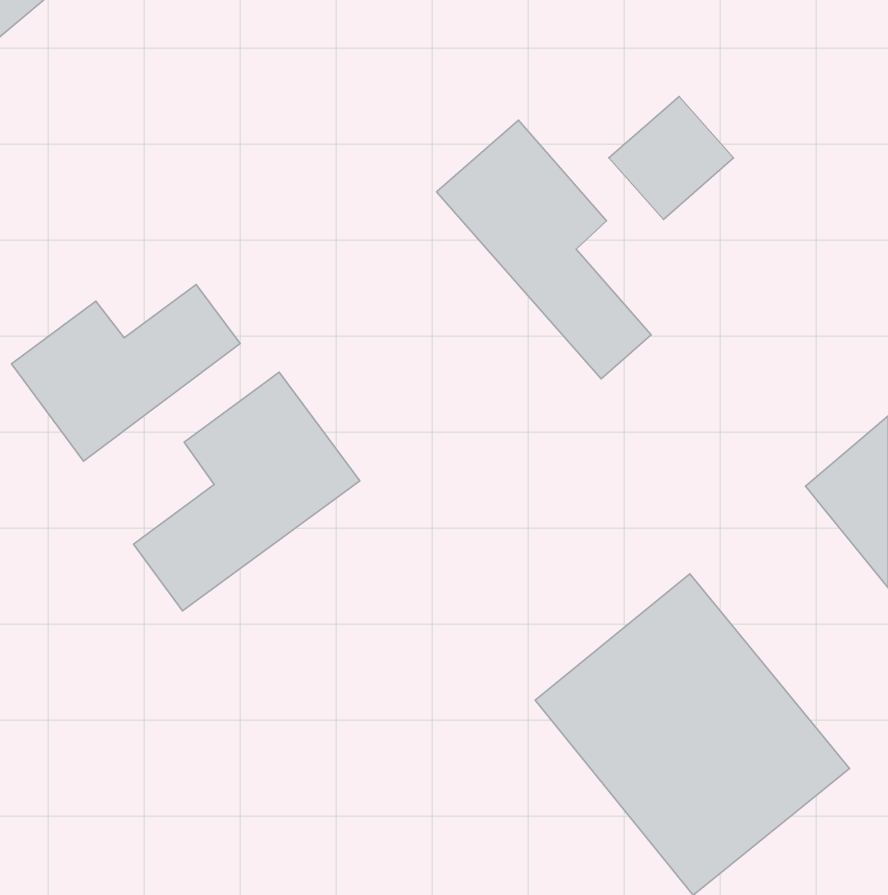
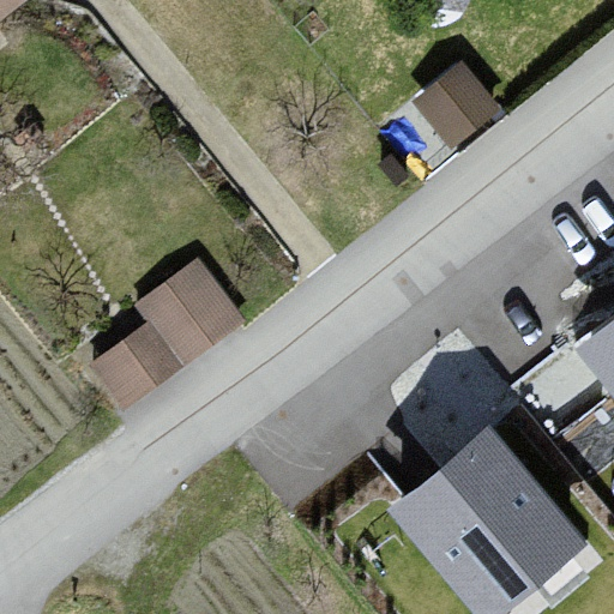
building: [436,120,651,379] -> none
building: [11,284,240,461] -> none

